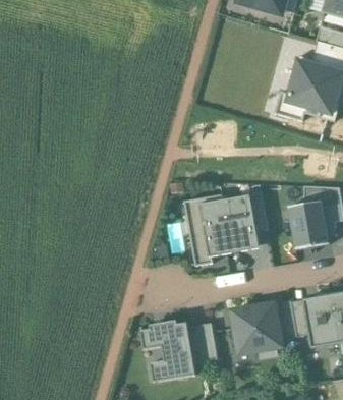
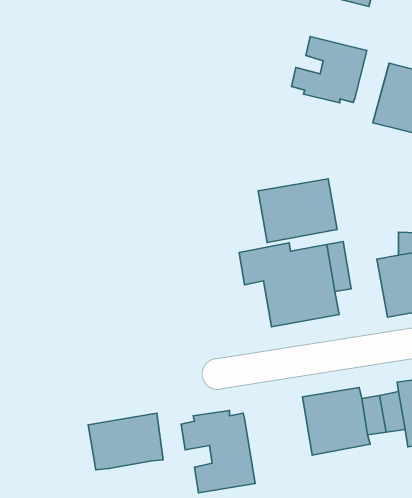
building: none -> [291,36,367,103]
building: none -> [258,179,337,242]
building: [187,323,217,363] -> none
building: none -> [88,413,163,470]

